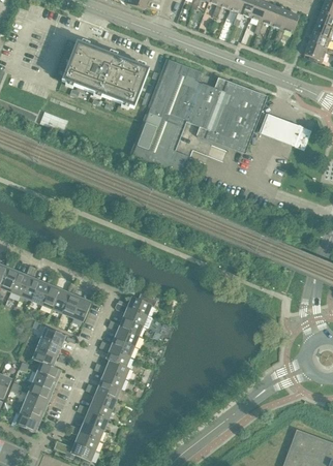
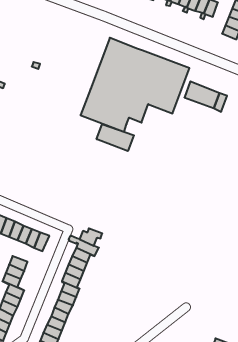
building: [61,40,149,107] -> none
building: none -> [97,124,134,151]

